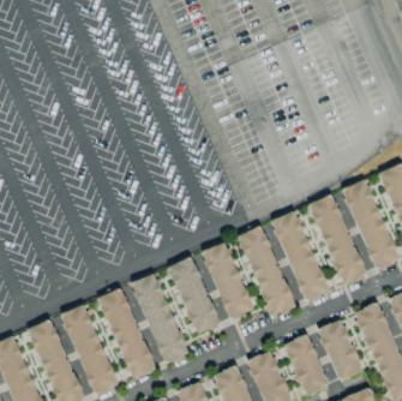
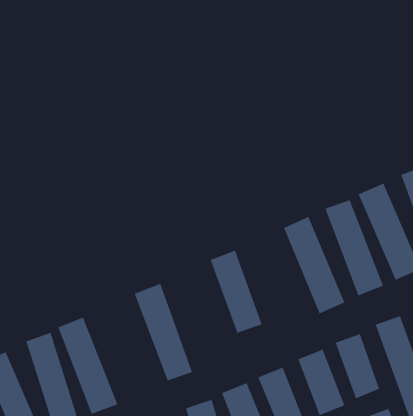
building: [239,226,294,316] -> none
building: [169,257,220,334] -> none
building: [98,287,155,378] -> none

